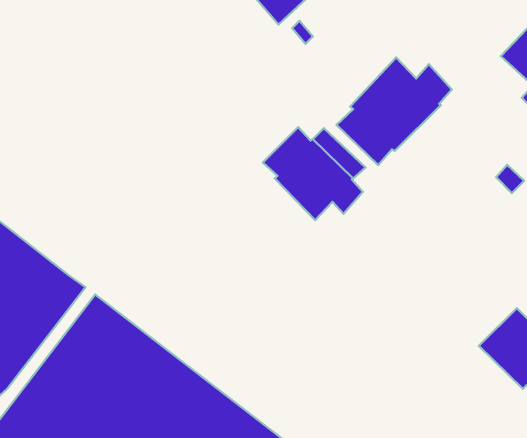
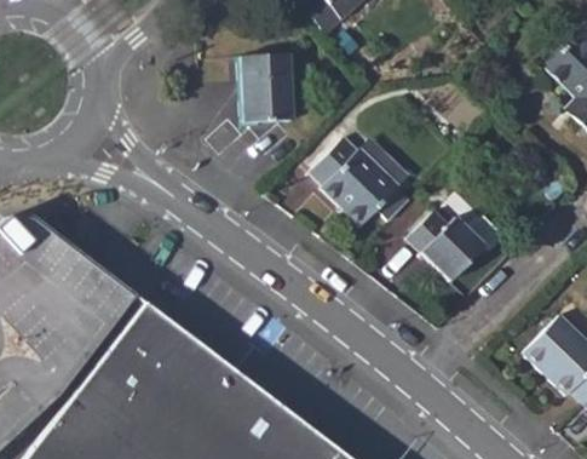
building: none -> [241,54,294,125]
building: [337,58,452,165] -> none
building: none -> [408,211,487,282]

